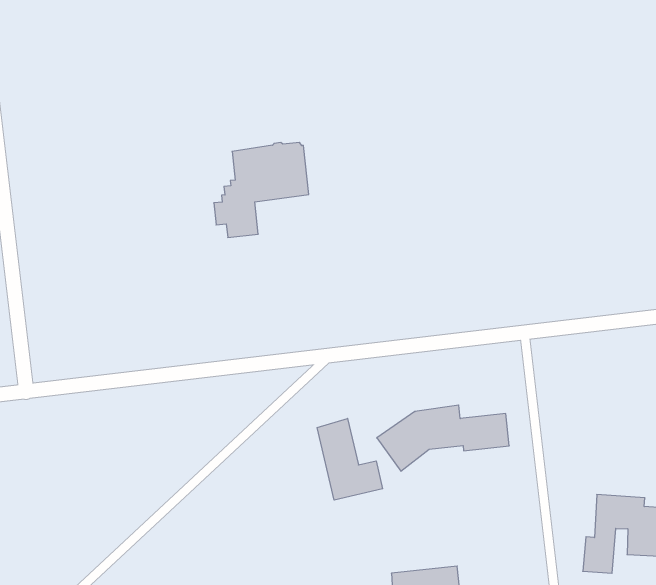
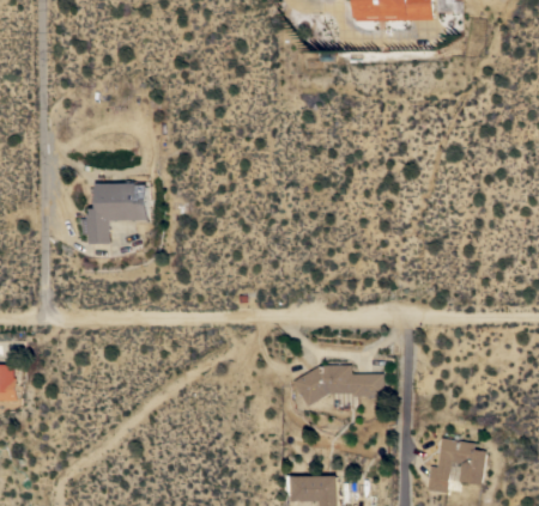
building: [214,142,309,237] -> [79,182,146,244]
building: [317,418,383,500] -> none

